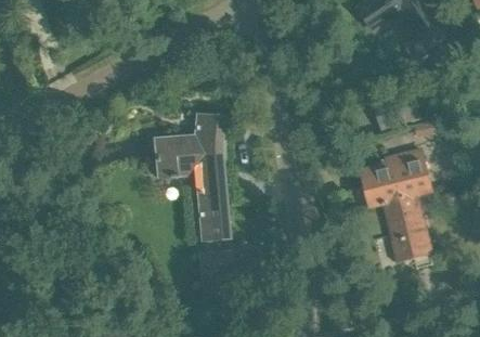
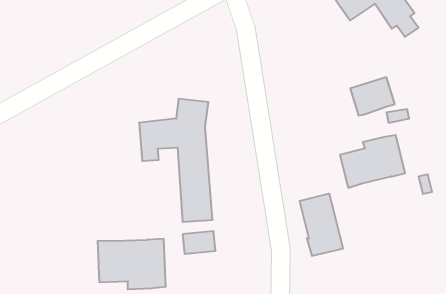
building: [385,194,430,259] -> [300,194,343,256]
building: none -> [98,239,165,289]

